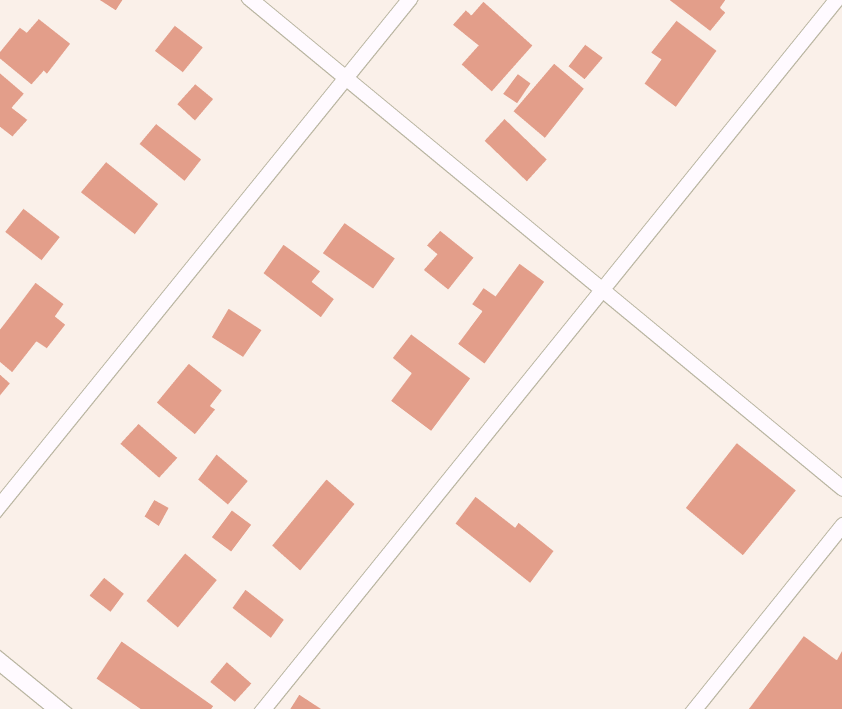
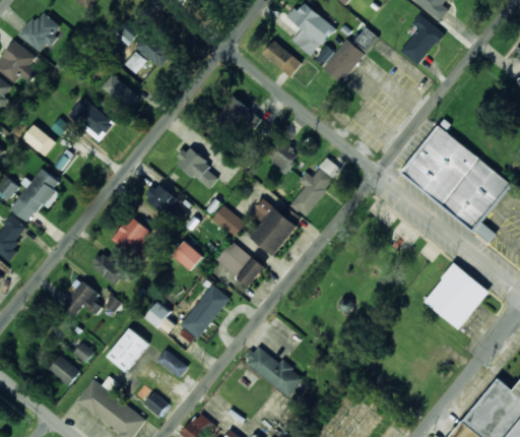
building: none -> [134,33,172,67]
building: [484,118,548,182] -> [263,40,301,77]
building: none -> [399,126,511,243]
building: [322,222,396,290] -> [216,97,260,136]
building: none -> [211,205,246,236]
building: none -> [215,241,264,286]
building: [197,454,249,505] -> [173,240,203,270]
building: none -> [60,279,102,316]
building: [455,496,554,584] -> [244,345,303,396]
building: none -> [48,355,79,386]

